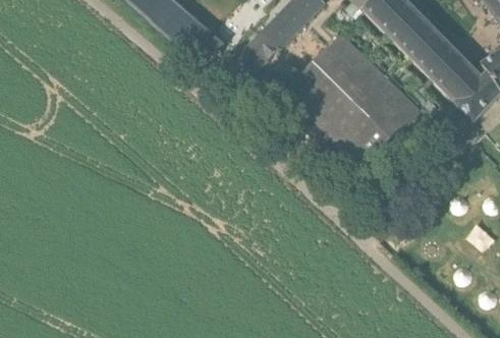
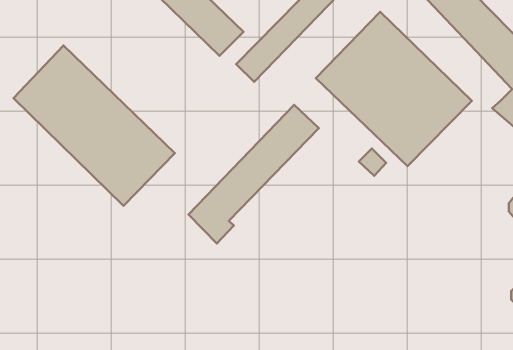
building: none -> [14,46,175,206]
building: none -> [189,105,319,244]

